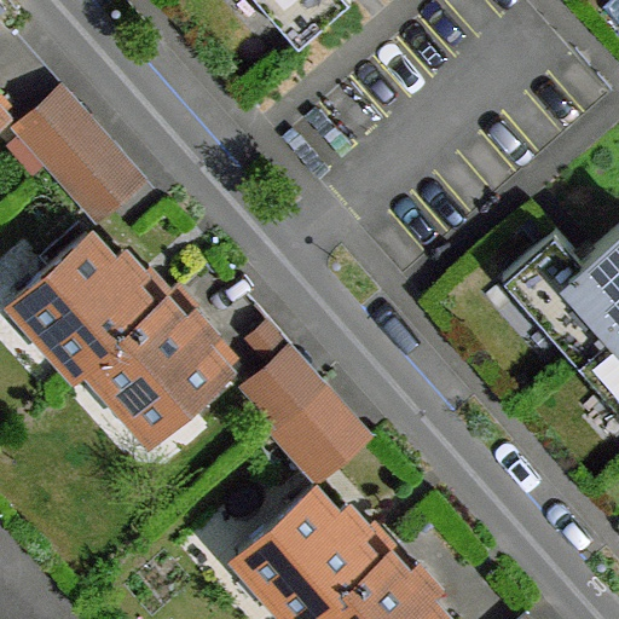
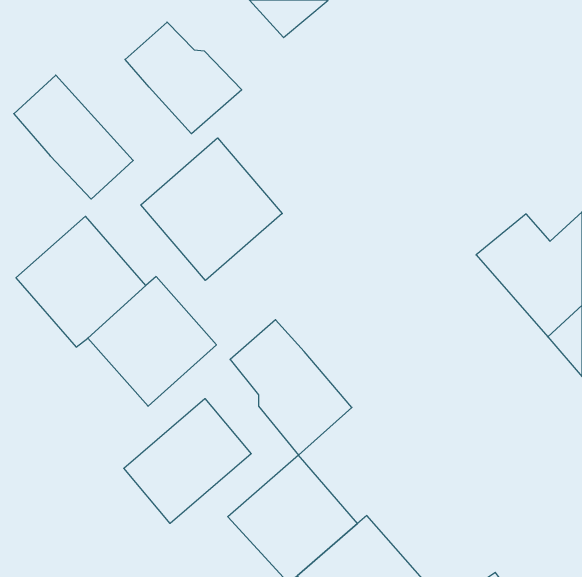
building: none -> [125,22,242,134]
building: none -> [141,138,282,280]
building: none -> [124,399,251,523]

